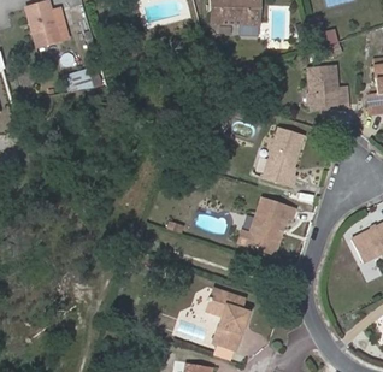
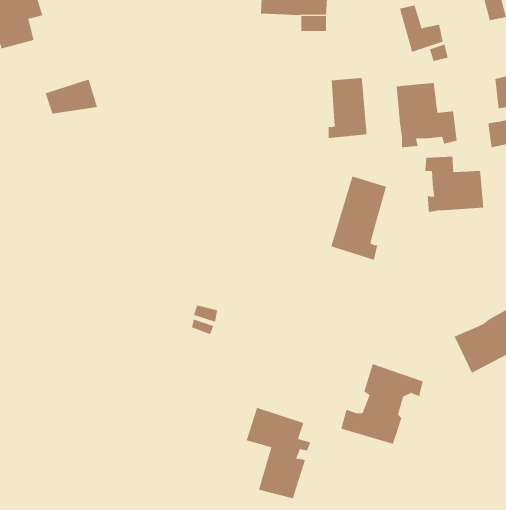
building: none -> [328,77,367,139]
building: none -> [425,156,484,213]
building: [237,203,294,259] -> [341,363,423,445]

